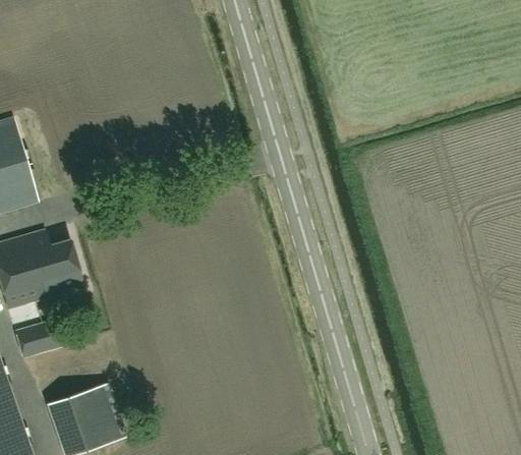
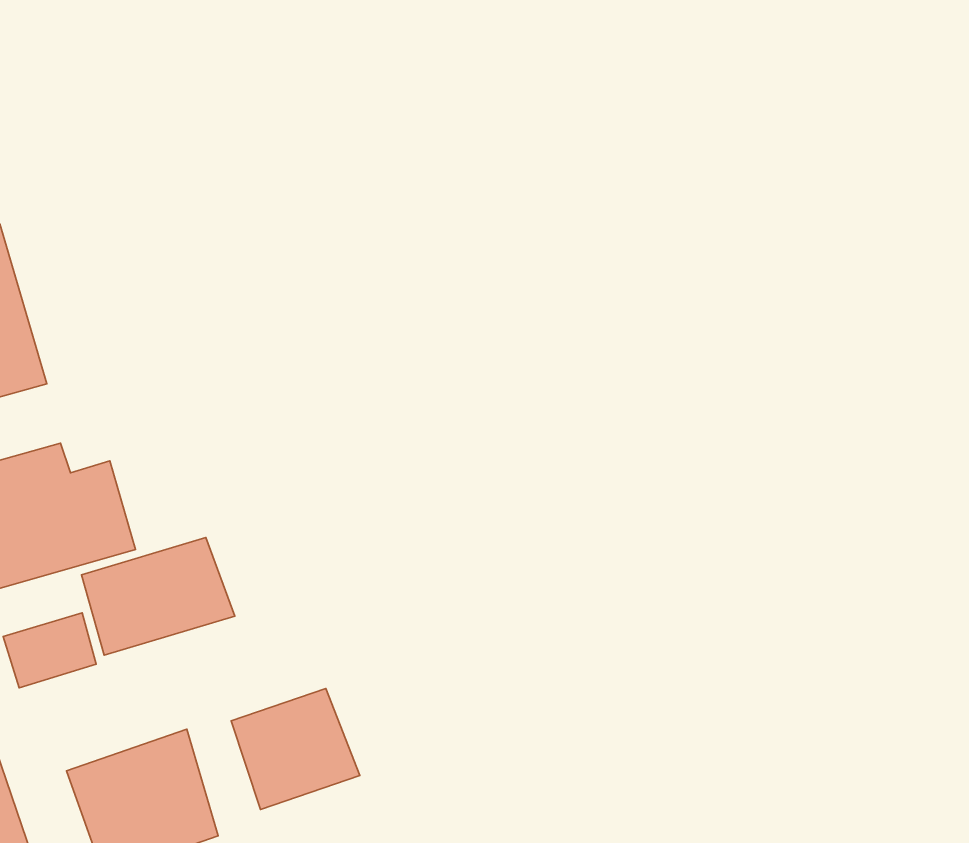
building: none -> [81,537,235,655]
building: none -> [231,688,360,810]

